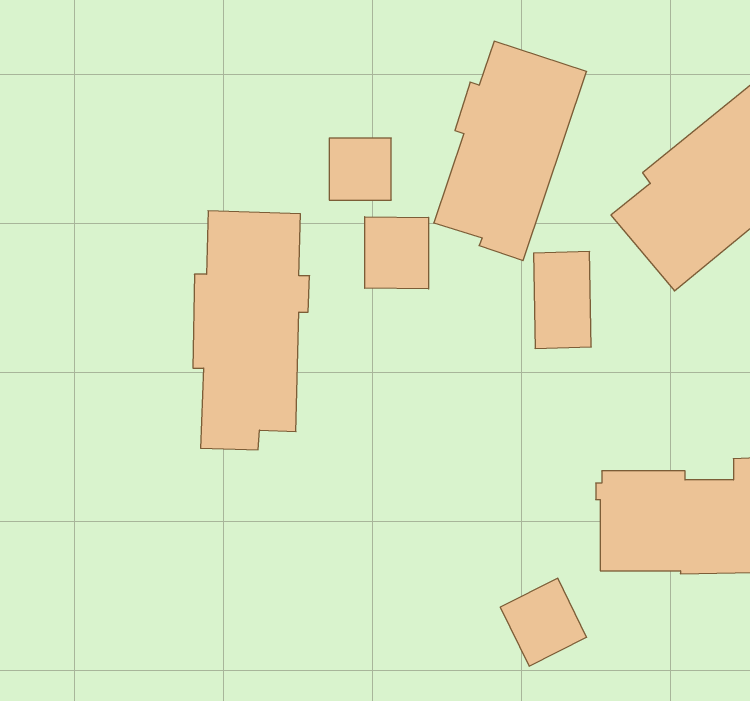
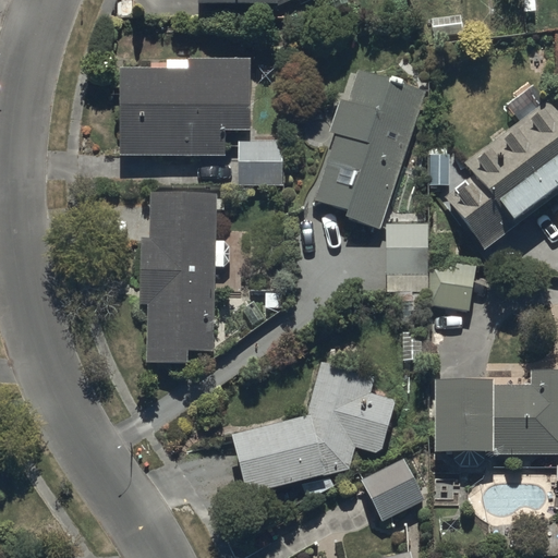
building: none -> [120,59,251,156]
building: [365,217,429,289] -> none
building: none -> [231,361,395,496]

